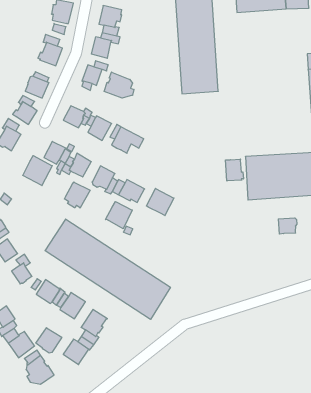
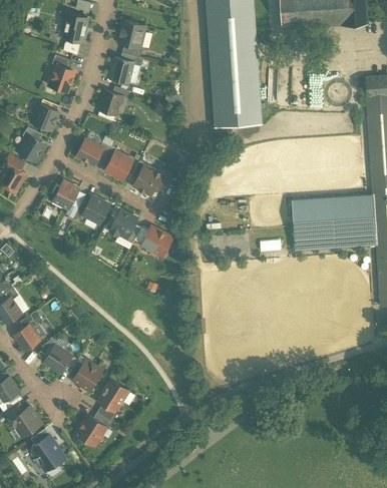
building: [104,72,134,98] -> none
building: [23,156,52,186] -> none
building: [226,159,243,181] -> none
building: [64,182,90,208] -> none
building: [146,188,174,216] -> none
building: [106,202,132,229] -> none
building: [278,218,297,234] -> none
building: [45,219,170,319] -> none
building: [36,328,62,353] -> none

